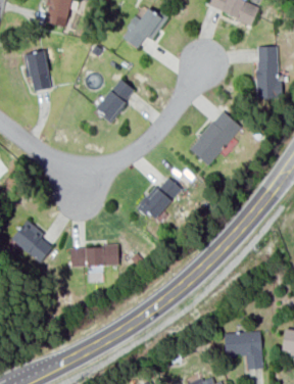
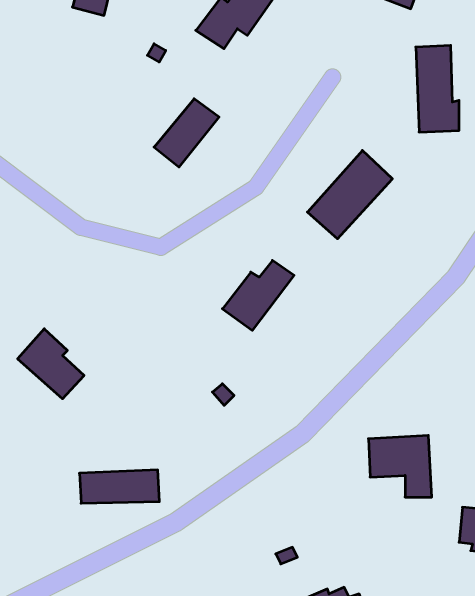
building: [26,50,50,91] -> none
building: [69,246,118,267] -> [79,470,159,503]
building: [224,331,262,369] -> [368,435,432,497]

